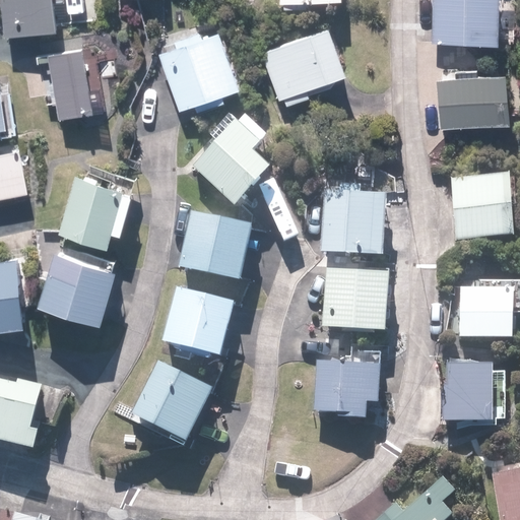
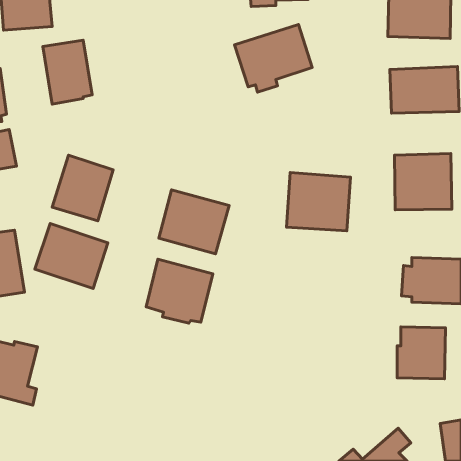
building: [159,29,243,111] -> none
building: [192,120,272,207] -> none
building: [319,267,392,333] -> none
building: [315,360,381,419] -> none
building: [131,361,214,443] -> none

